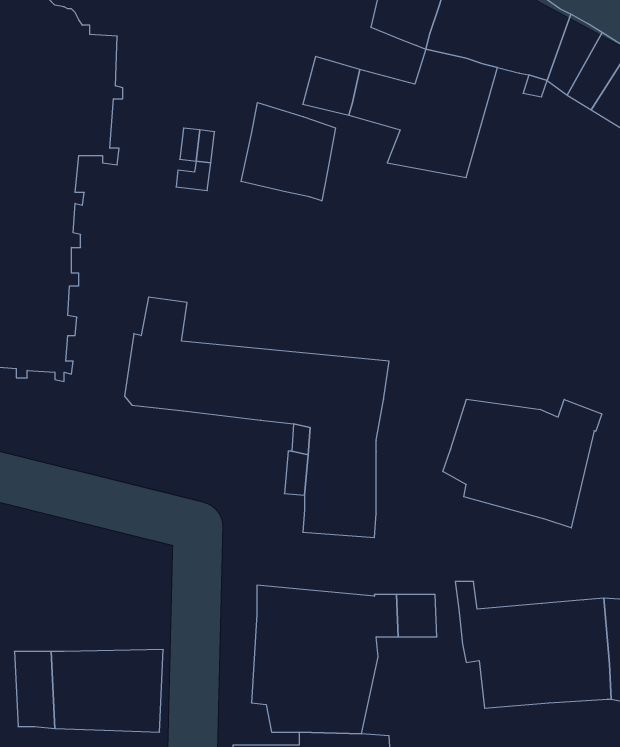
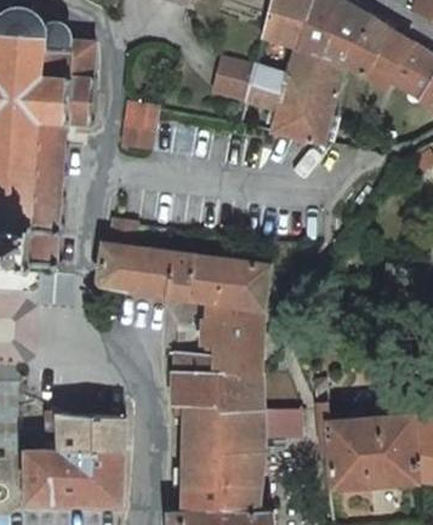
building: [241,103,335,201] -> none
building: [443,399,602,528] -> none
building: none -> [171,354,262,415]
building: none -> [57,412,125,451]

